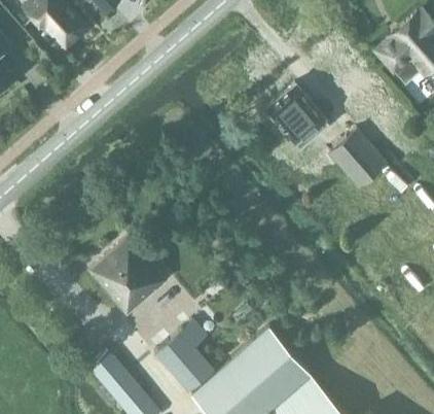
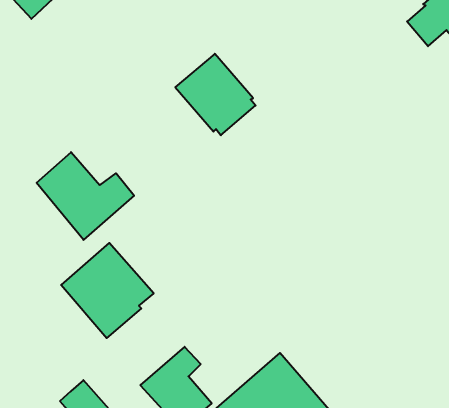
building: [264,84,331,152] -> [175,54,256,135]
building: [328,129,387,189] -> none
building: none -> [37,152,134,240]

